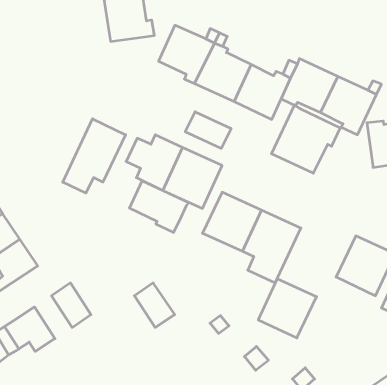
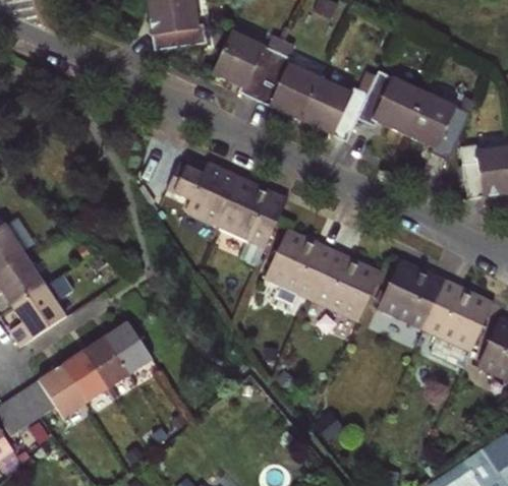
building: [271,105,340,173] -> none
building: [185,112,231,148] -> none
building: [63,119,126,193] -> none
building: [130,181,189,232] -> none
building: [258,279,317,338] -> [377,259,446,329]
building: [134,283,175,327] -> [107,321,155,374]
building: none -> [64,352,109,403]

